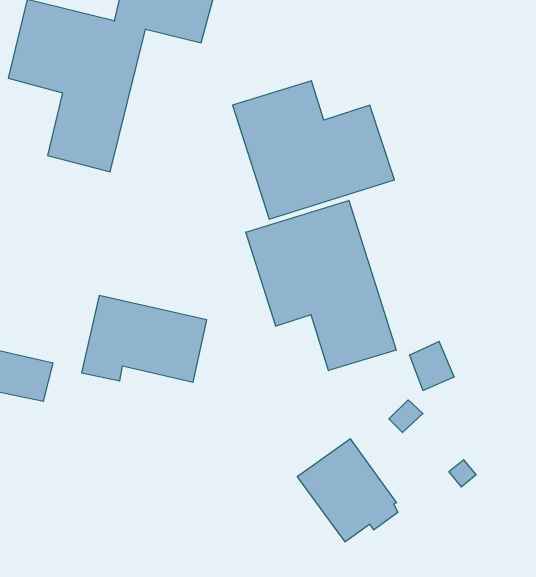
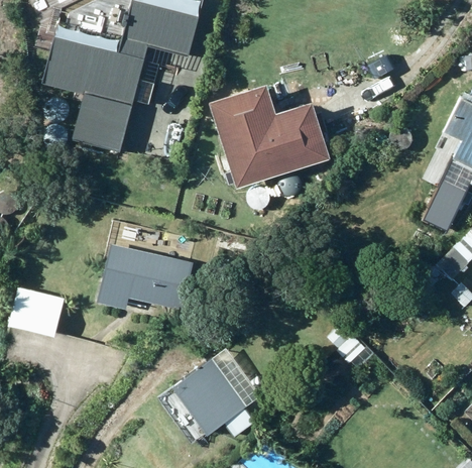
building: [246,200,396,371] -> none
building: [297,439,398,542] -> [171,359,246,436]

